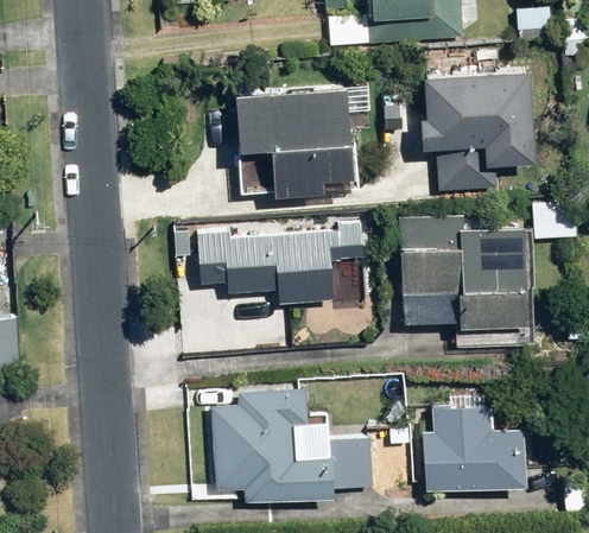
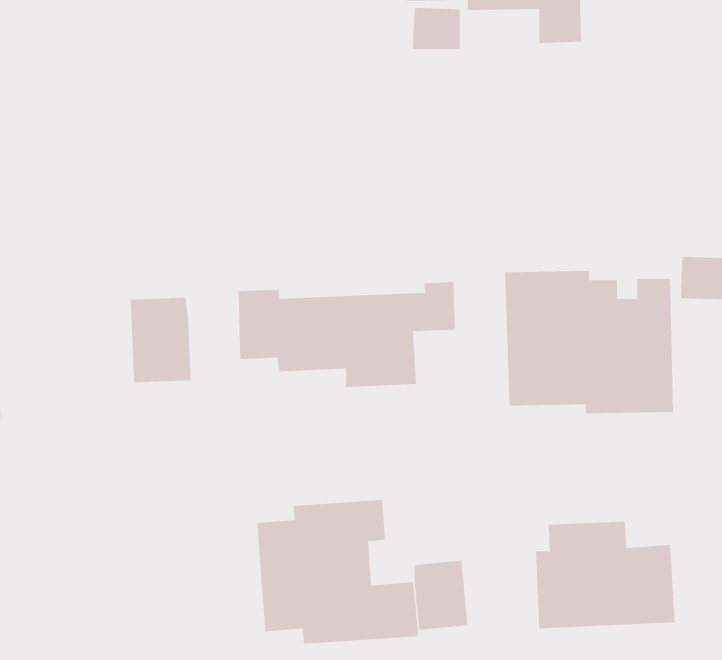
building: [423,68,536,193] -> none
building: [236,87,354,197] -> none
building: none -> [130,297,191,383]

